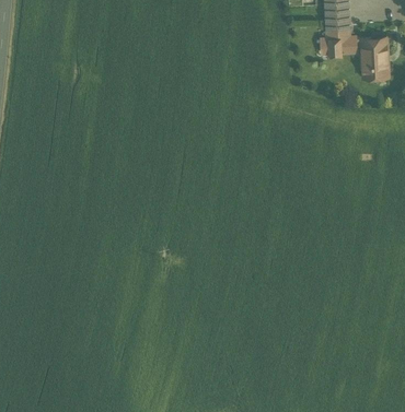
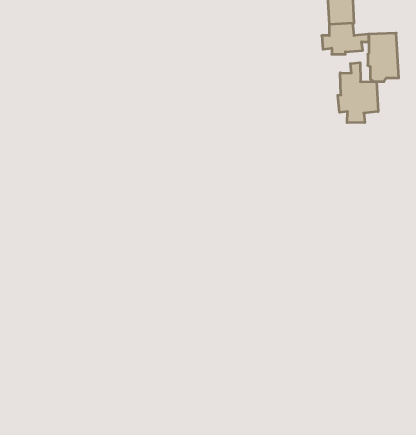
building: none -> [338,63,378,123]

